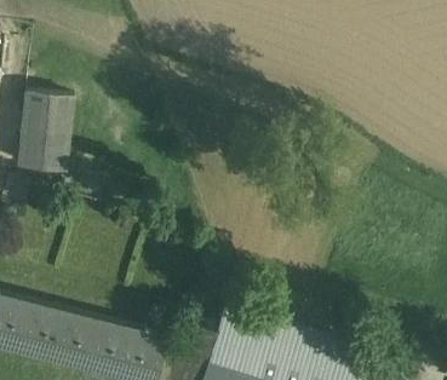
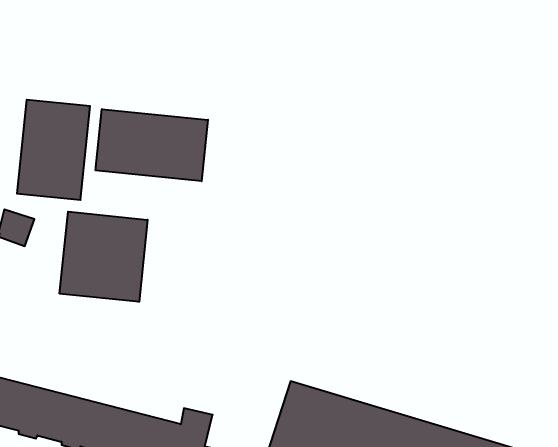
building: none -> [96,109,208,181]
building: none -> [60,212,148,302]

